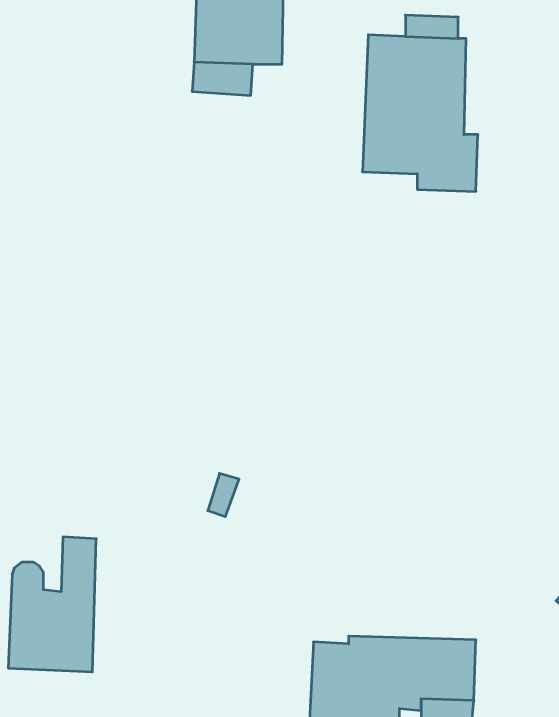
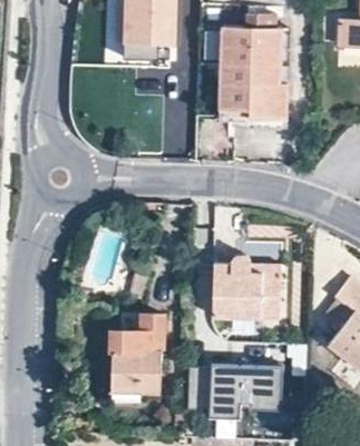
building: none -> [216,257,283,320]
building: [8,537,96,672] -> [114,316,164,393]

